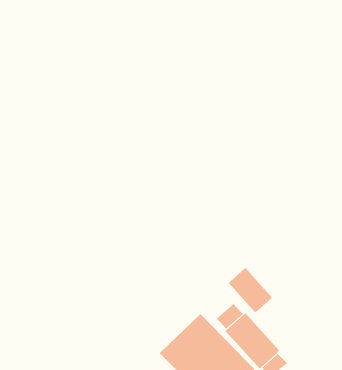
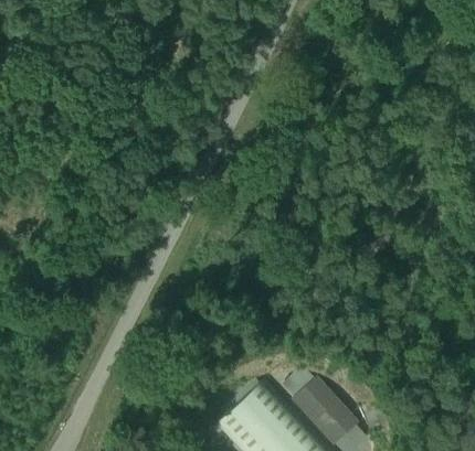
building: [228,267,273,313] -> none

